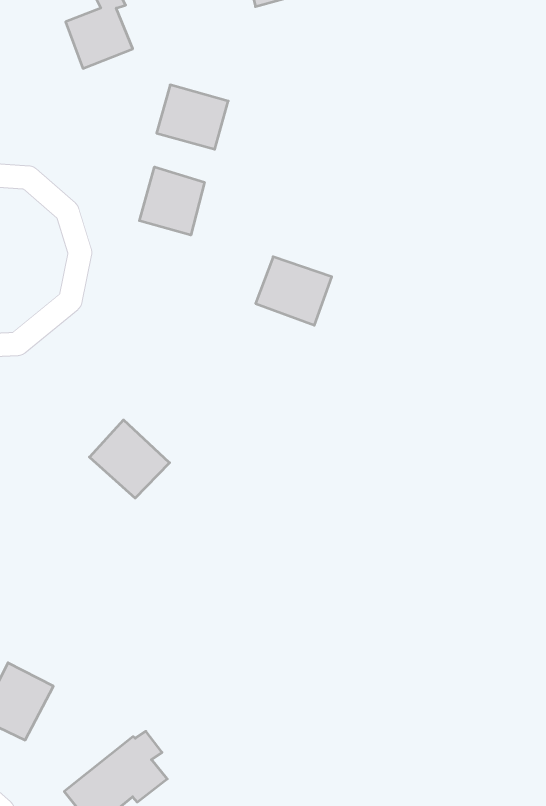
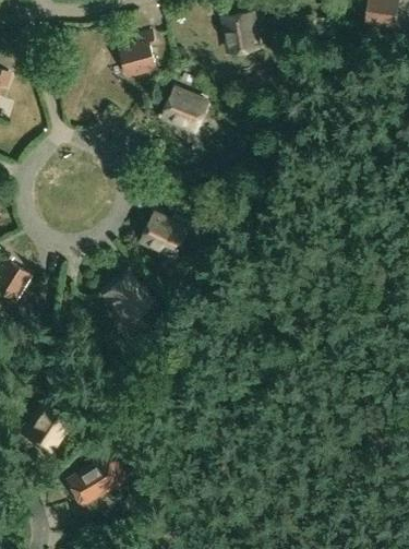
building: [139,167,204,235] -> none
building: [256,257,332,325] -> [142,214,187,255]

